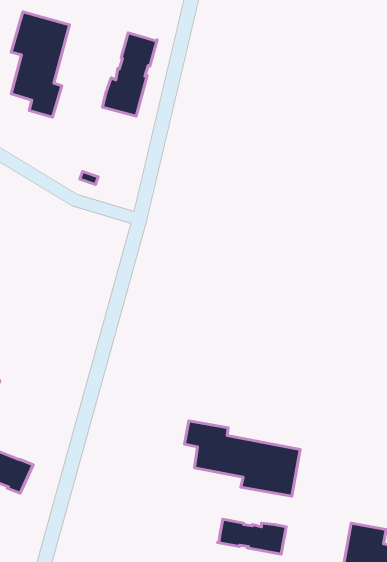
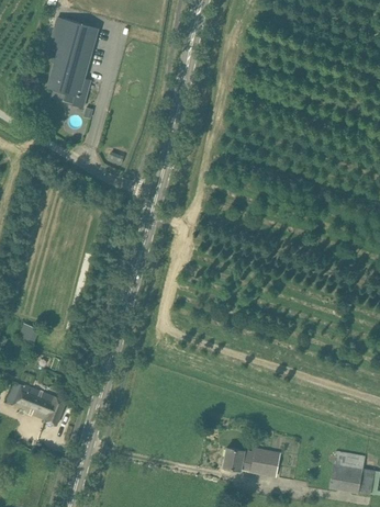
building: [102,33,157,116] -> none
building: [185,421,300,496] -> none

